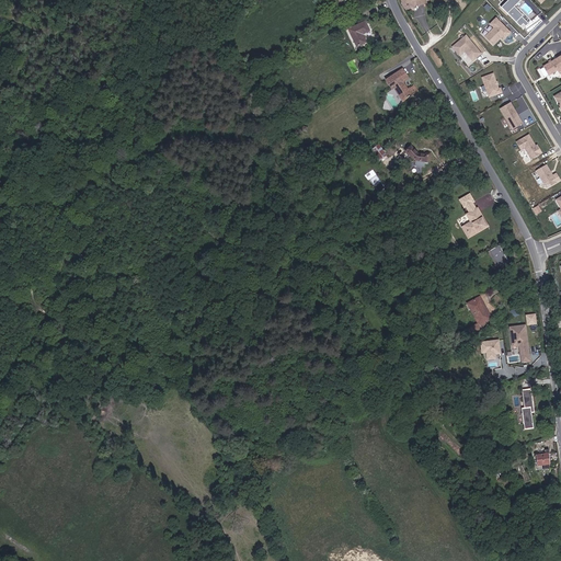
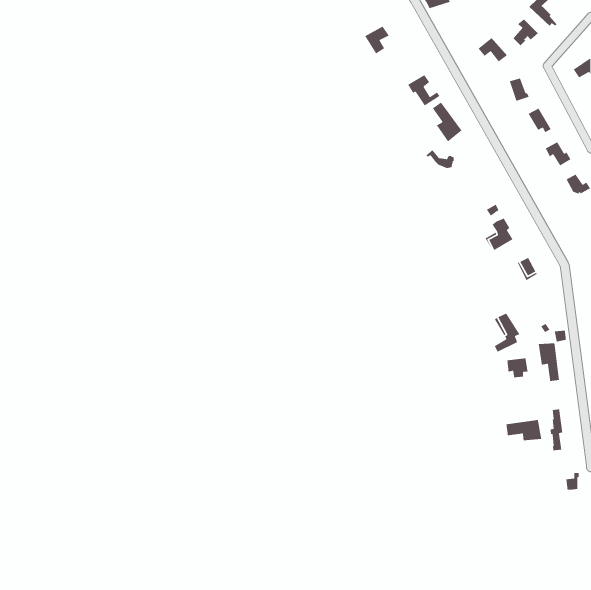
building: none -> [432,101,463,143]
building: none -> [505,419,542,441]

